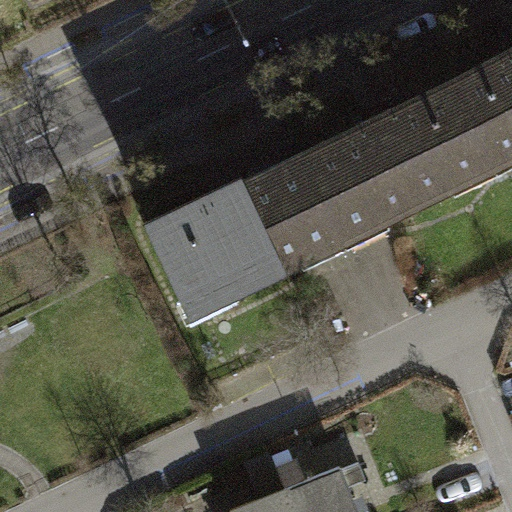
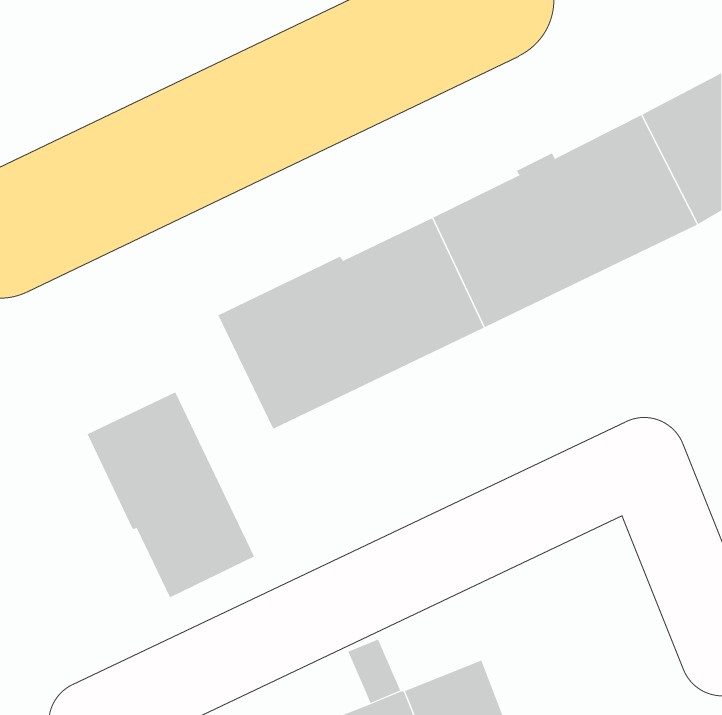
building: none -> [87,391,255,598]

